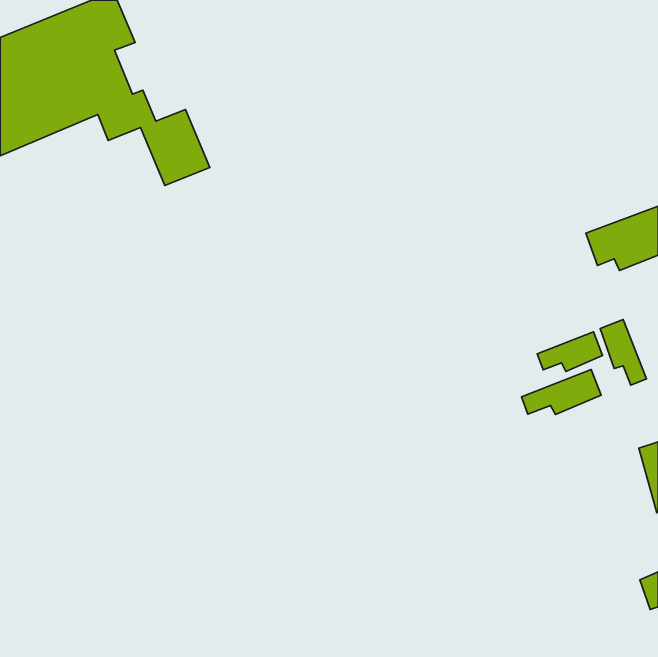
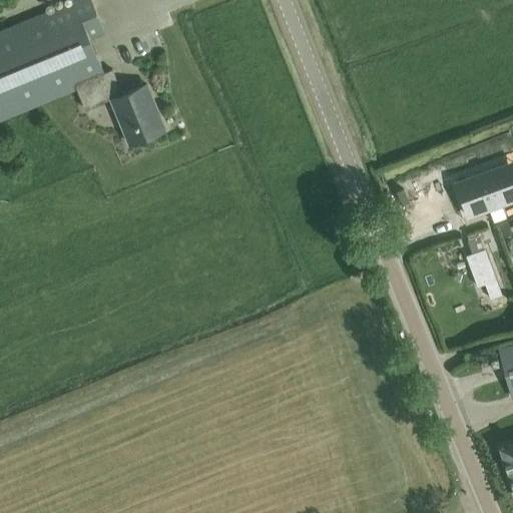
building: [537,332,603,371] -> none
building: [521,369,601,415] -> none

